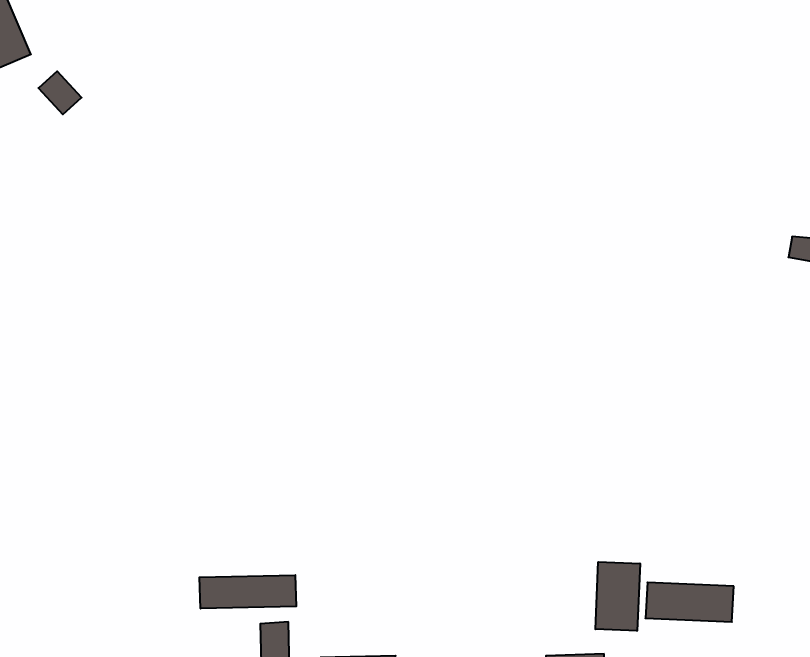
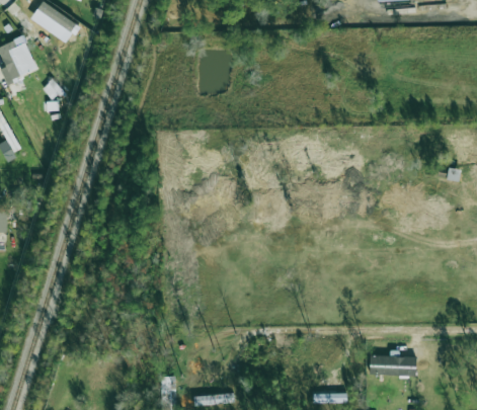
building: [595,562,640,631] -> none
building: [199,575,296,609] -> none

